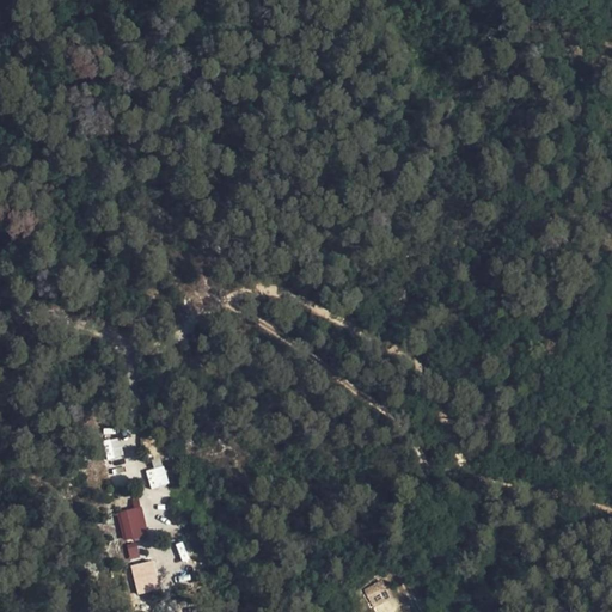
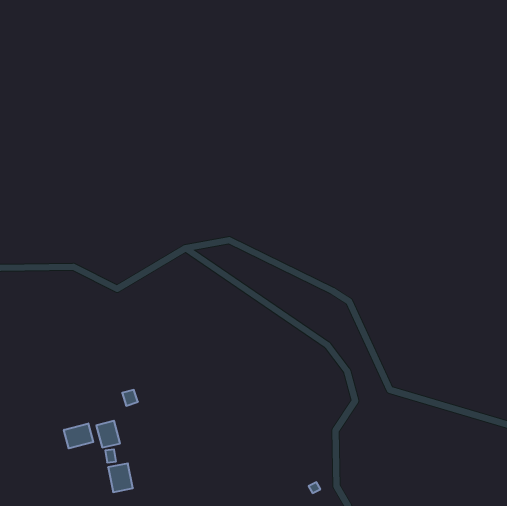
building: none -> [64,423,93,448]

